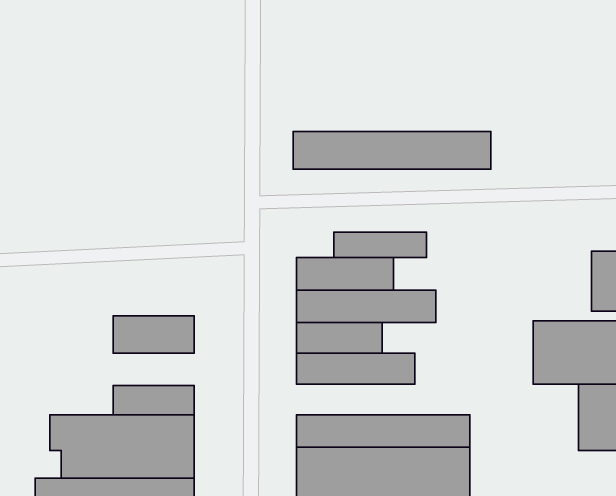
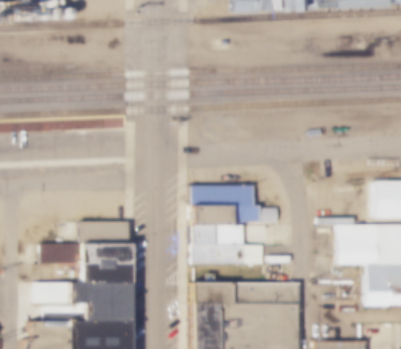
building: [293,131,491,169] -> none
building: [334,232,427,258] -> none
building: none -> [44,244,128,264]

